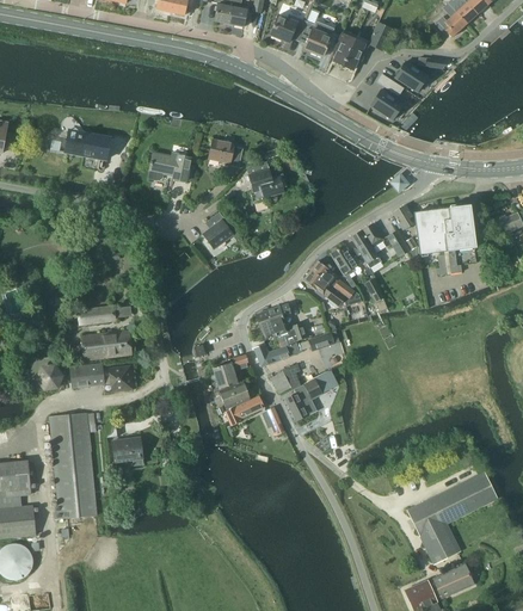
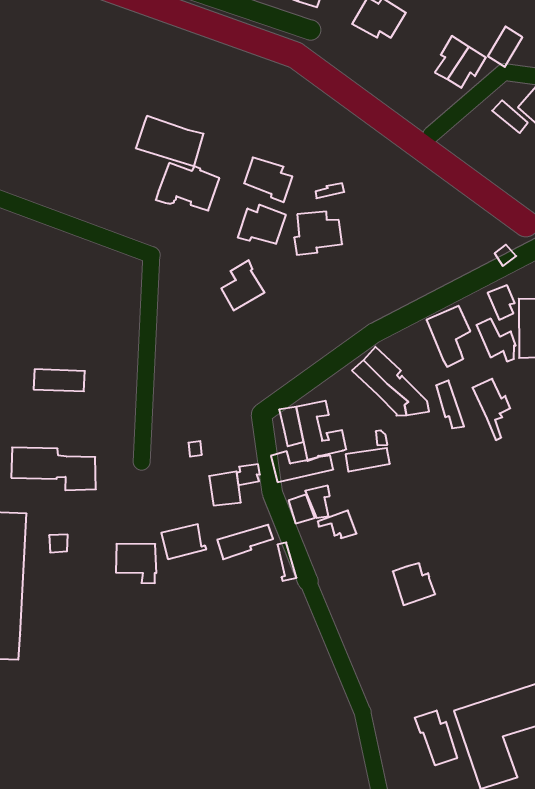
building: [299,20,334,56] -> none
building: [370,88,404,119] -> none
building: [63,128,110,159] -> [136,116,204,166]
building: none -> [238,205,286,244]
building: [331,245,359,288] -> [472,379,510,440]
building: [81,329,133,359] -> none
building: [219,381,252,408] -> [161,524,206,559]
building: [285,389,318,420] -> [393,563,435,605]
building: [112,437,143,465] -> [116,544,156,583]
building: none -> [415,710,457,765]

